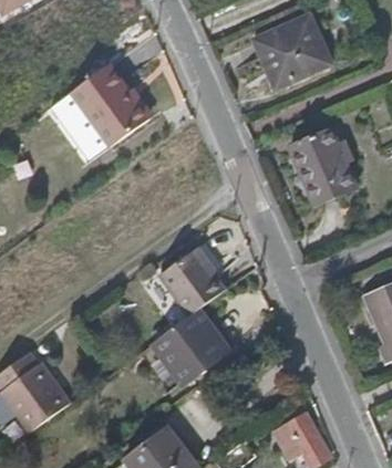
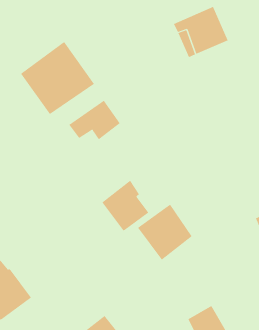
building: [288,127,358,207] -> none
building: none -> [69,100,120,140]
building: [153,310,226,385] -> [137,204,192,261]

